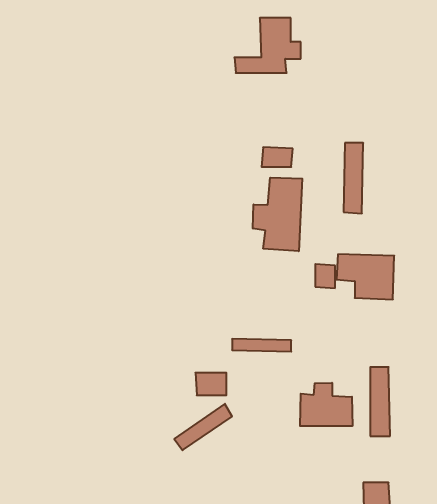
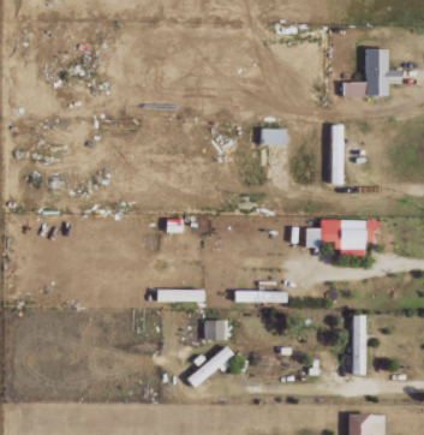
building: [234,18,301,73] -> [342,48,399,95]
building: [253,178,302,251] -> none
building: [300,383,352,426] -> none

